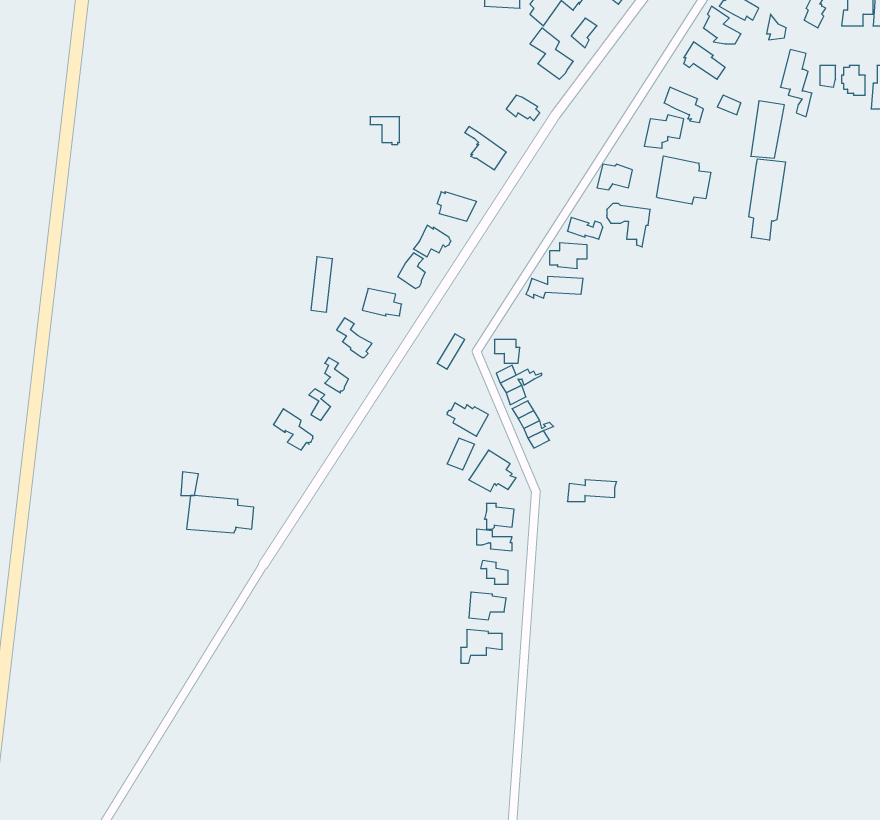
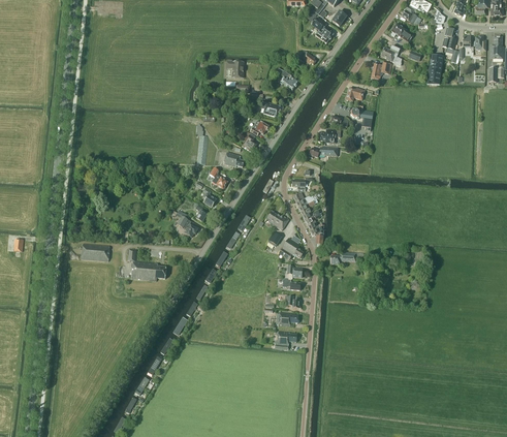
building: [656,156,711,204] -> none
building: [749,159,785,240] -> none
building: none -> [82,243,109,260]

